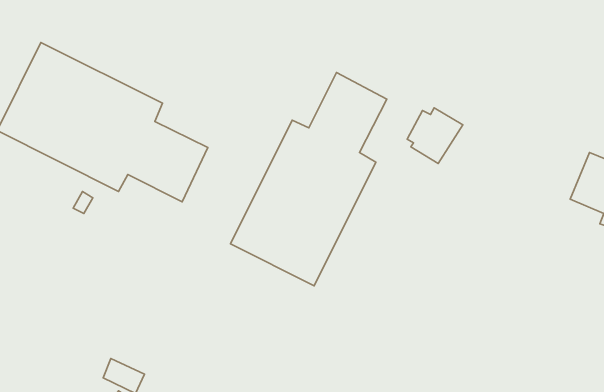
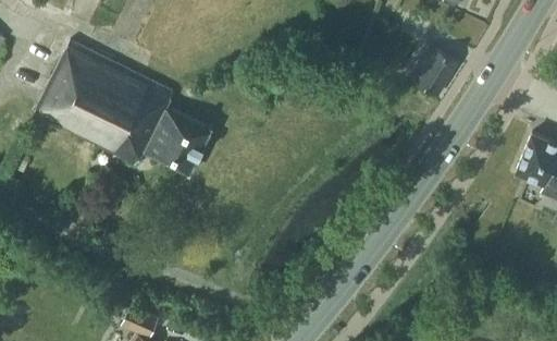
building: [230,72,387,286] -> none
building: [407,108,463,164] -> [412,49,459,96]

